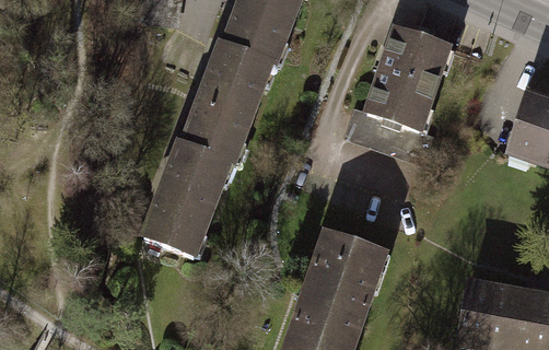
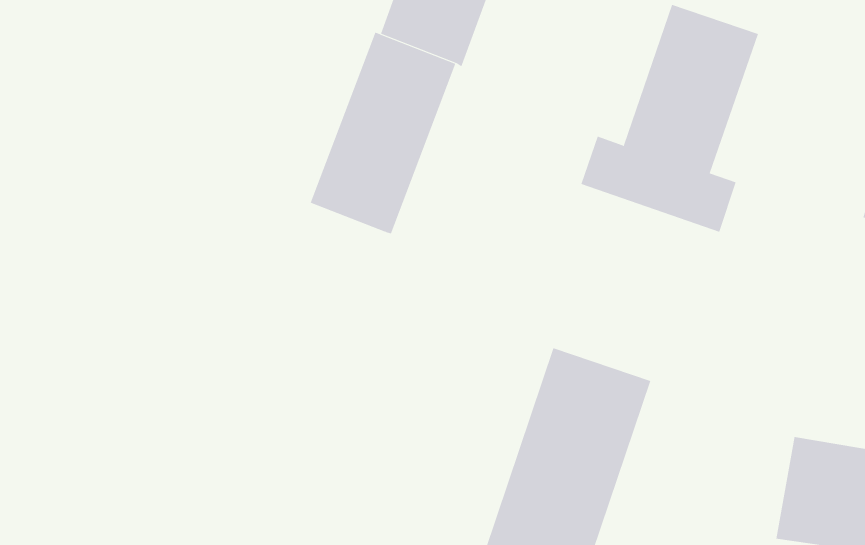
building: [145,140,230,252] -> none

